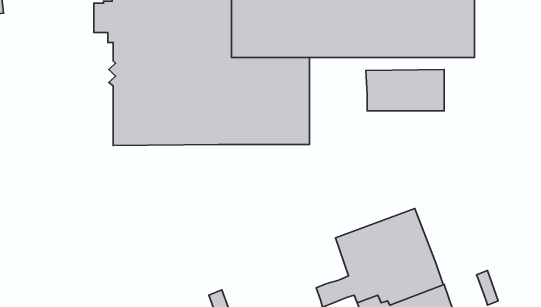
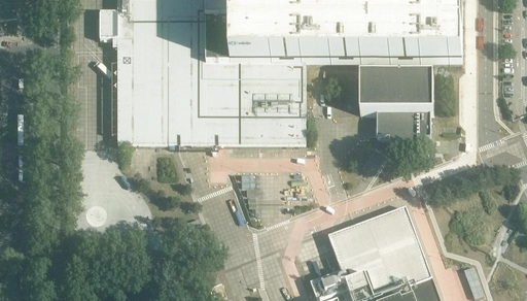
building: none -> [375,112,429,148]

